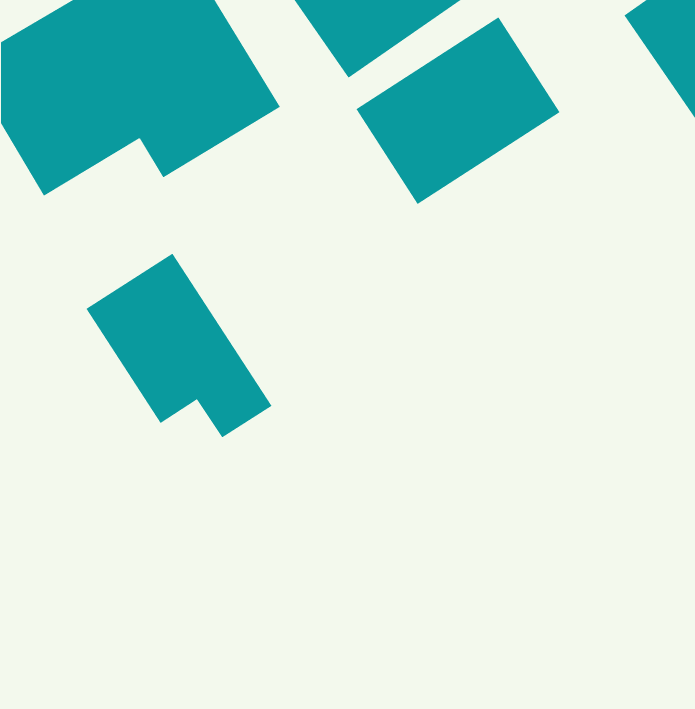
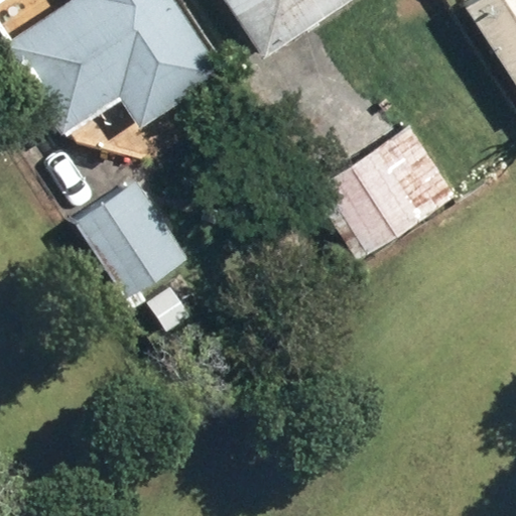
building: [355,17,560,205] -> [318,120,466,255]

